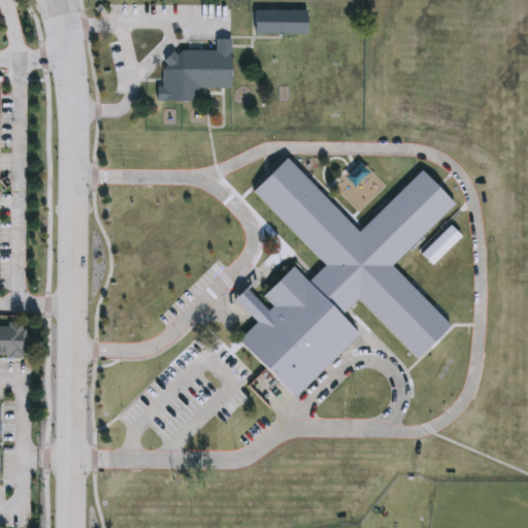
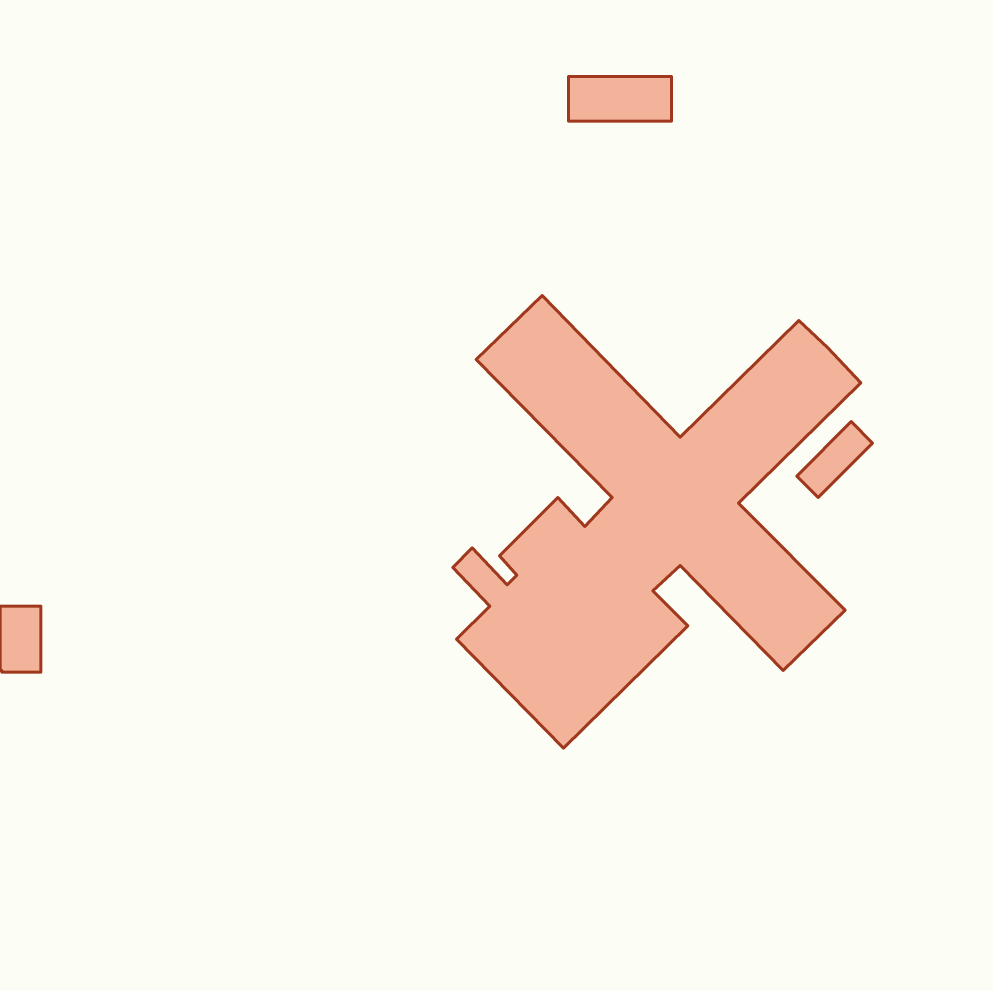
building: [250,9,304,33] -> [569,77,672,121]
building: [153,38,229,100] -> none

